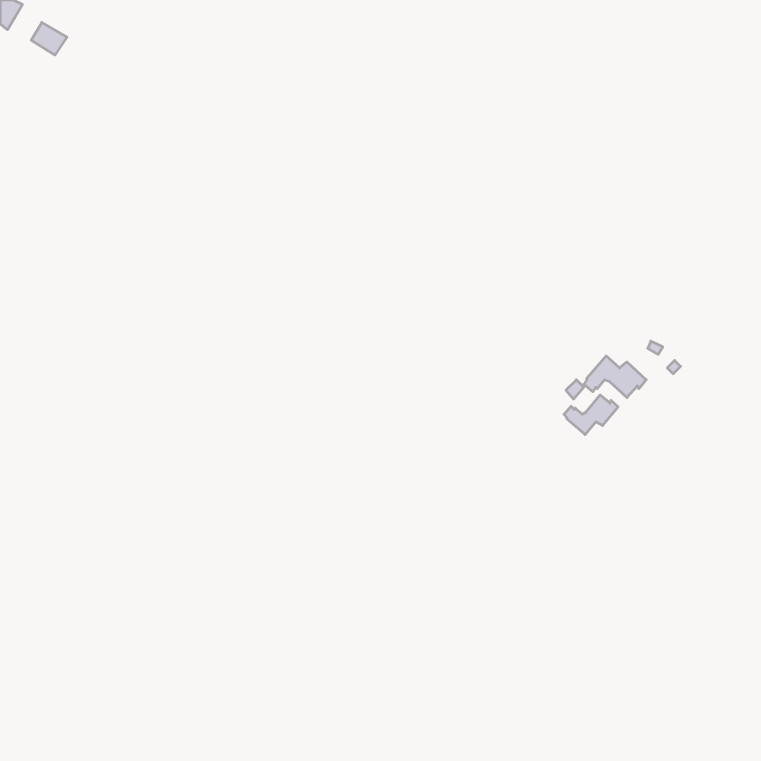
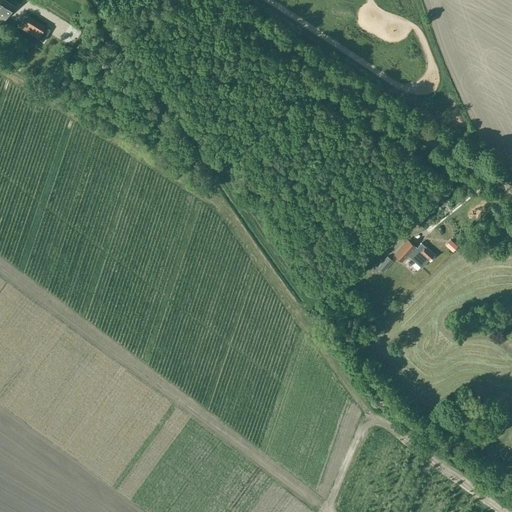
building: [564,395,618,435] -> none

